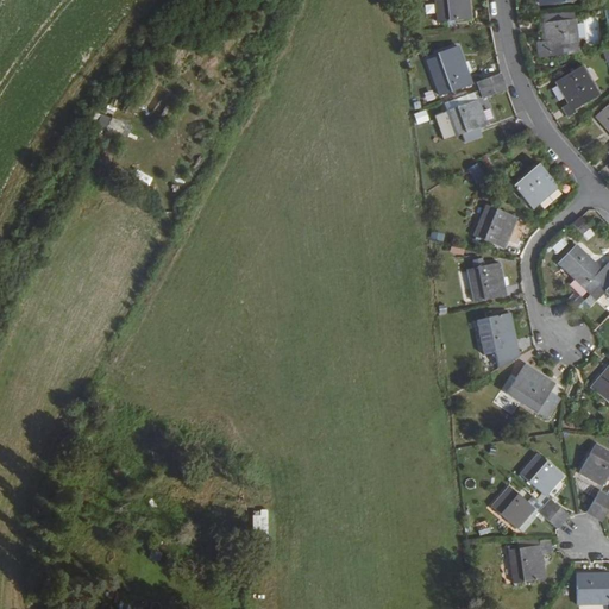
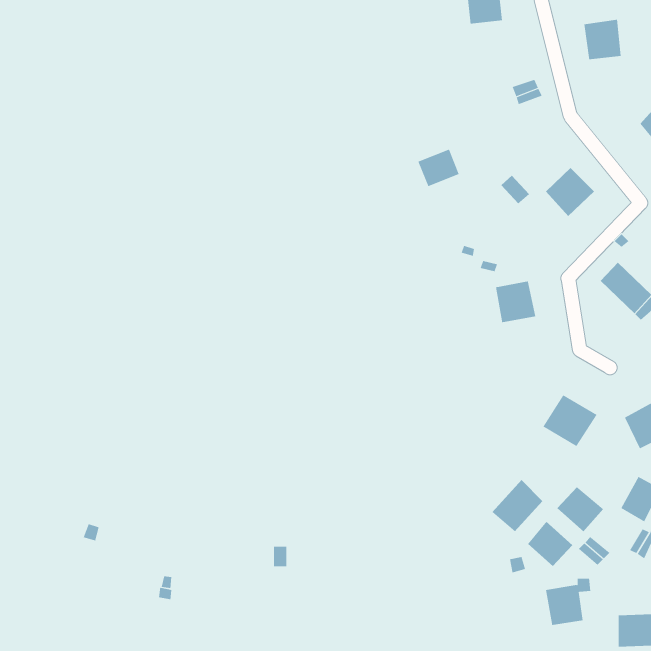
building: [428,45,471,95] -> none
building: [557,65,601,117] -> none
building: [447,100,486,136] -> [417,149,460,187]
building: [471,199,515,244] -> none
building: [479,310,520,372] -> none
building: none -> [492,479,543,532]

